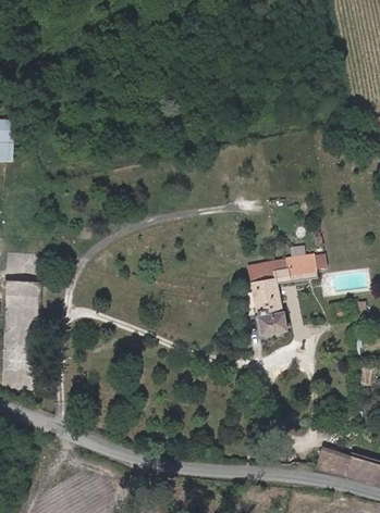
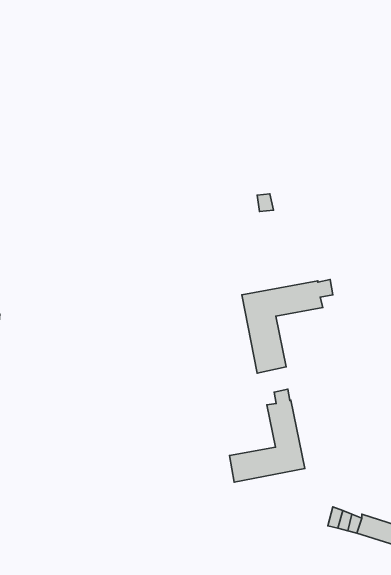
building: none -> [230,389,305,482]

